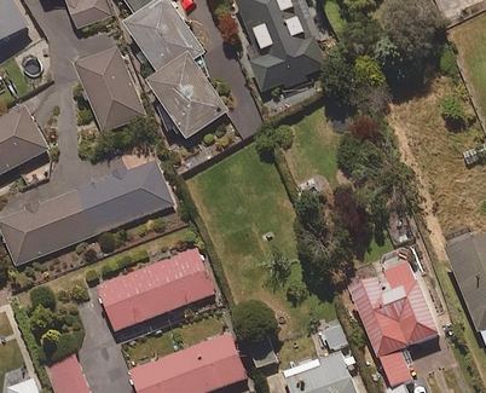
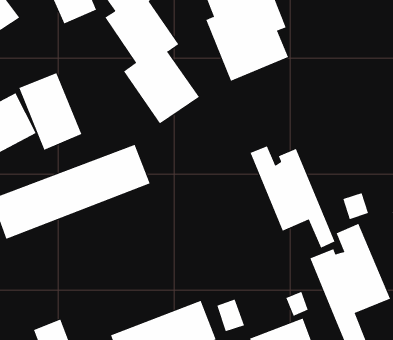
building: [75,47,145,133] -> [18,72,82,151]
building: none -> [250,145,335,248]
building: [97,248,213,330] -> none

